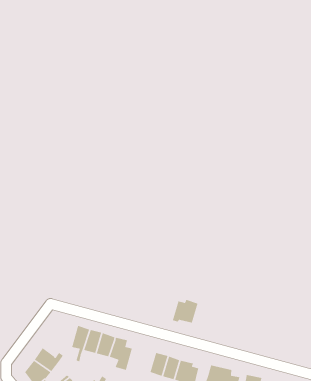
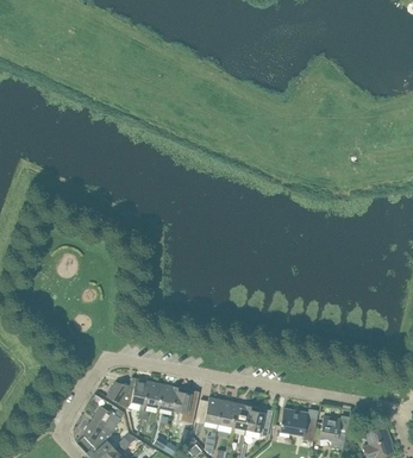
building: [172,299,199,324] -> [195,397,223,424]
building: none -> [106,377,136,409]

